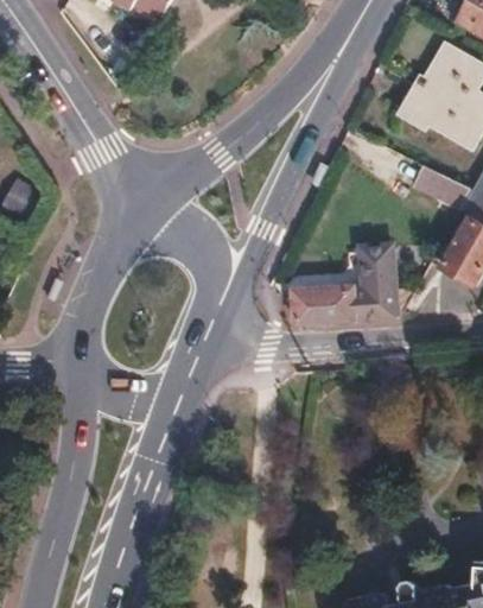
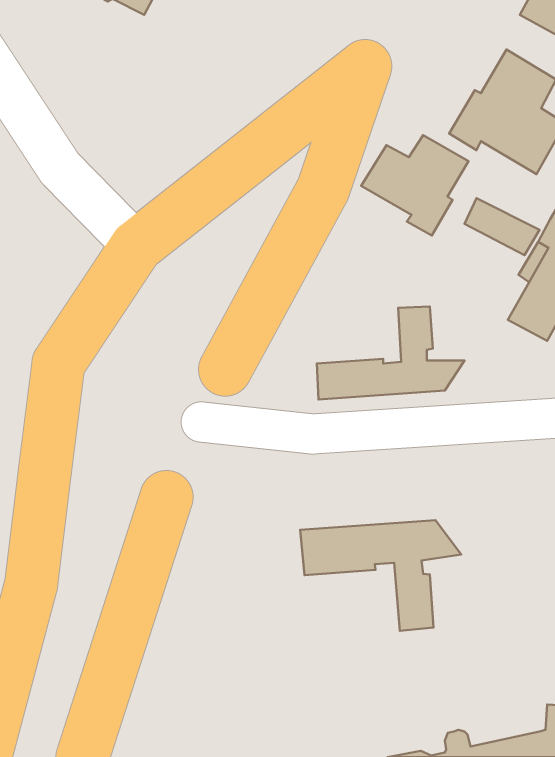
building: none -> [361,135,469,236]
building: none -> [300,520,461,631]

